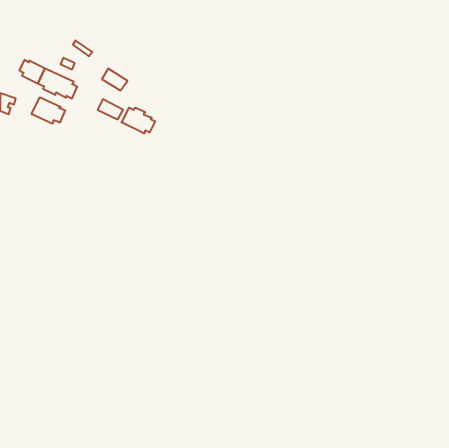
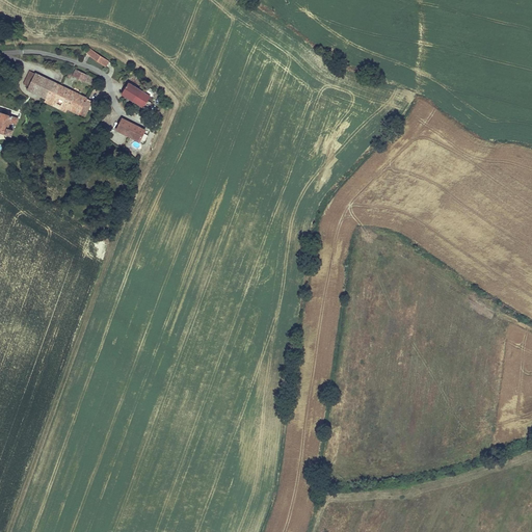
building: [32,97,65,124] -> none
building: [122,108,155,134] -> none

